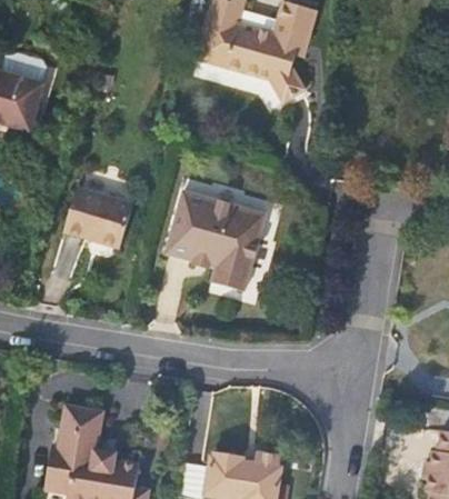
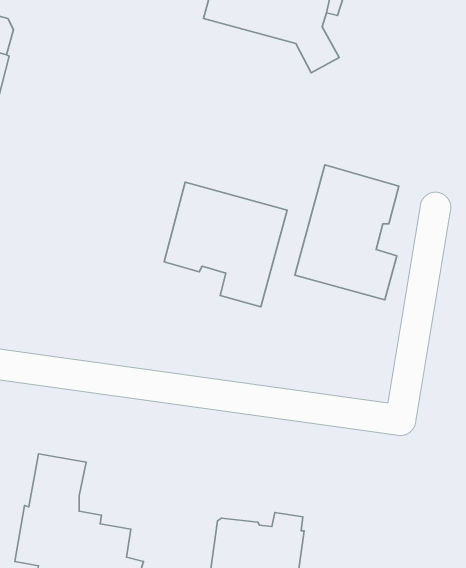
building: none -> [295,165,399,300]
building: [62,189,131,251] -> none

